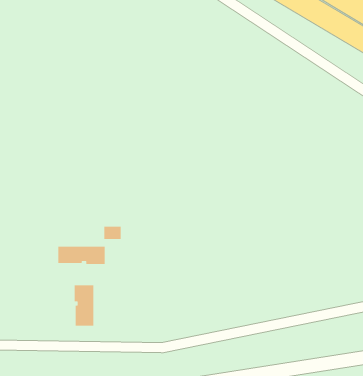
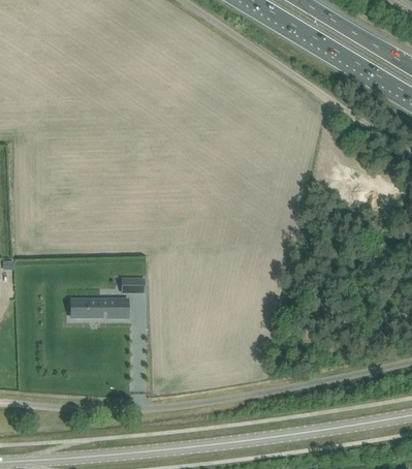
building: [74,285,94,327] -> none

